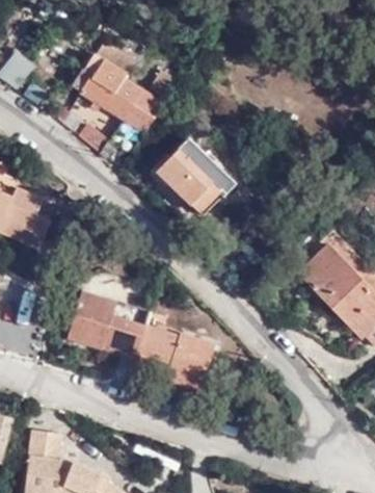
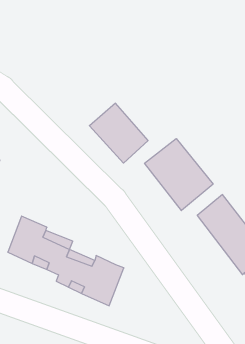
building: [75,36,178,132] -> none
building: none -> [145,139,213,211]

